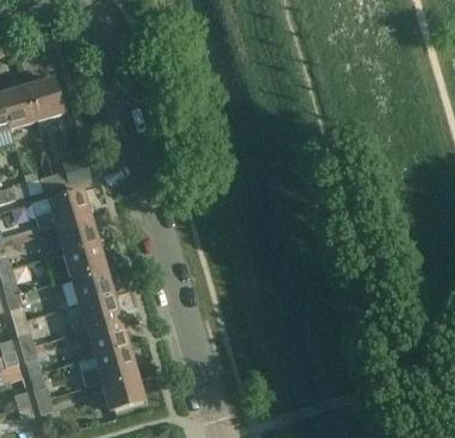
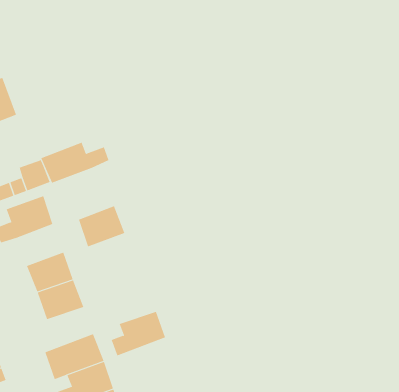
building: none -> [41,142,109,183]
building: [56,215,99,252] -> [78,205,125,247]
building: [70,294,121,333] -> [111,311,166,356]

